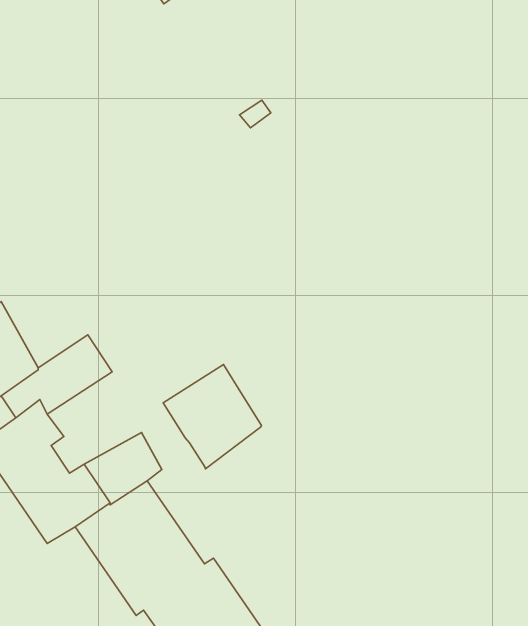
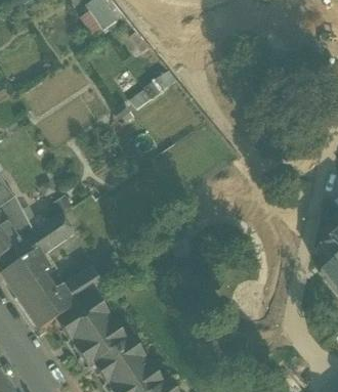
building: [163,365,261,469] -> none

